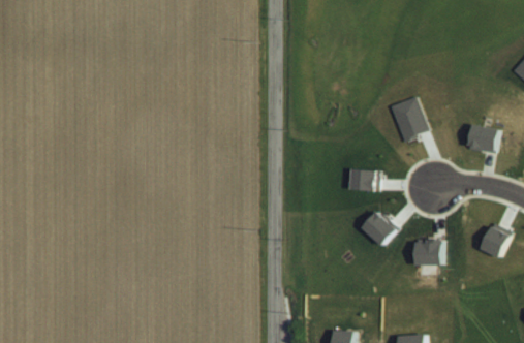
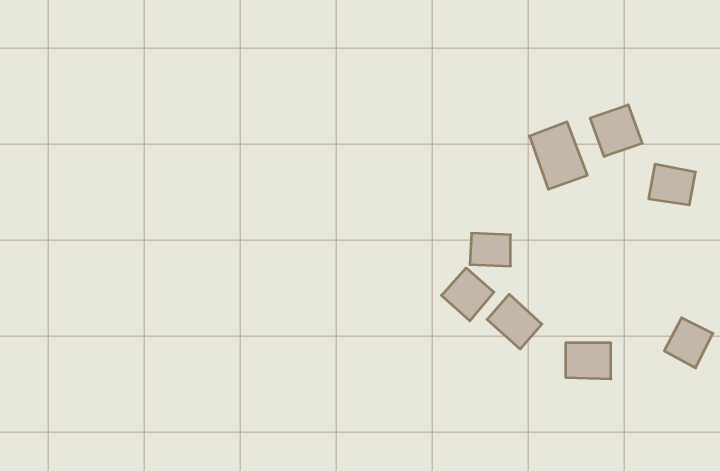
building: none -> [590,105,642,157]
building: none -> [441,268,494,321]

